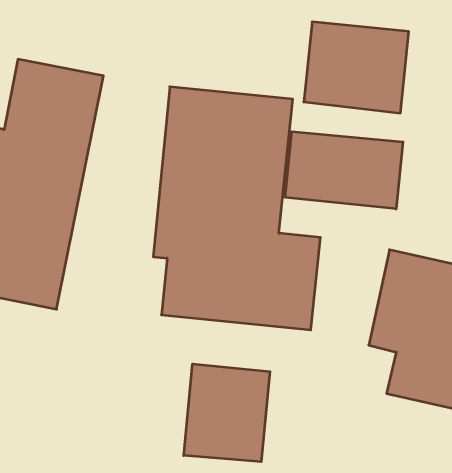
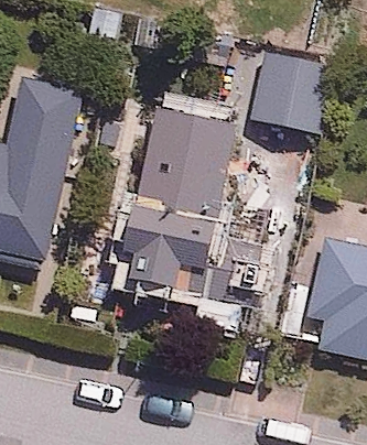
building: [285,132,403,209] -> none
building: [184,364,270,462] -> none

